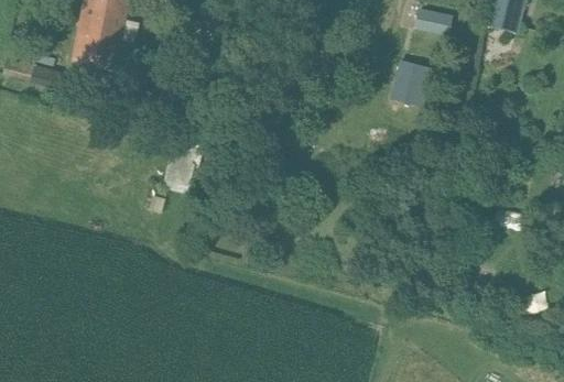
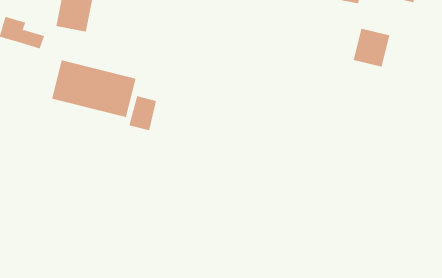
building: [391,59,437,108] -> [353,28,390,67]
building: none -> [52,59,136,118]

